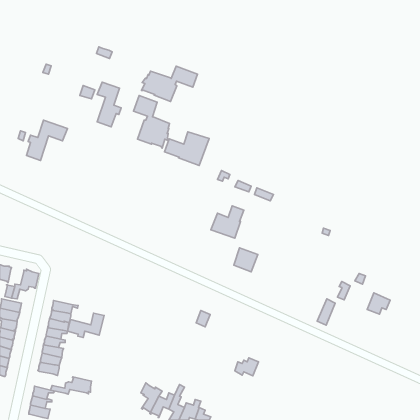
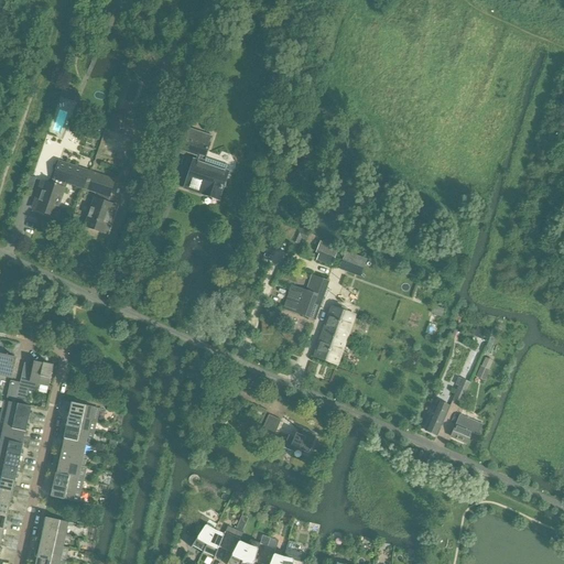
building: [141,66,198,101] -> none
building: [97,82,121,127] -> [84,172,116,231]
building: [165,132,209,165] -> none
building: none -> [321,306,354,340]
building: [367,293,390,314] -> [449,414,480,443]
building: [68,313,104,337] -> none
building: [235,358,259,376] -> [284,431,316,455]
building: [51,377,92,394] -> none

